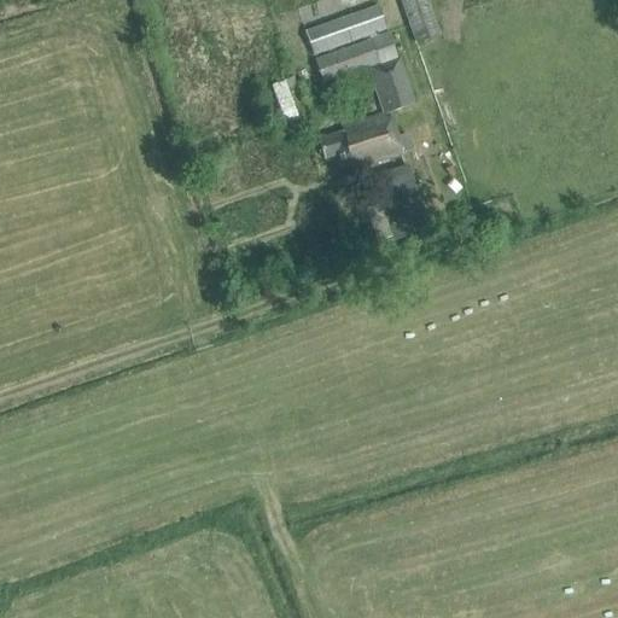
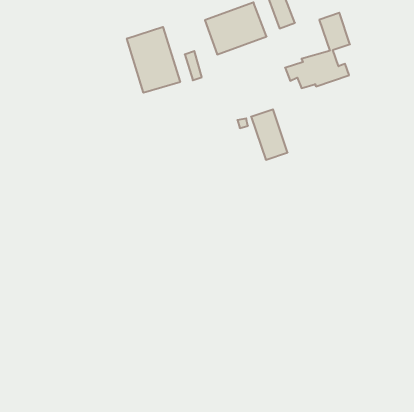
building: none -> [127,27,180,93]
building: [317,56,414,168] -> [285,13,350,88]

